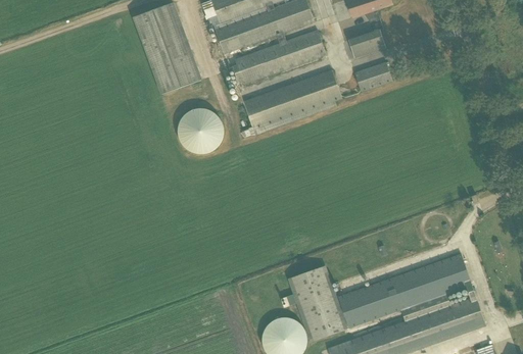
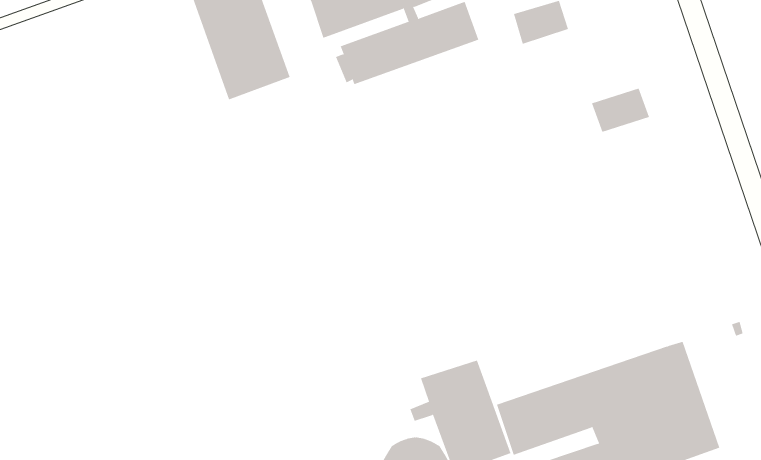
building: [354,62,393,92] -> [591,88,650,133]
building: [242,69,343,138] -> none
building: [182,108,222,153] -> none

